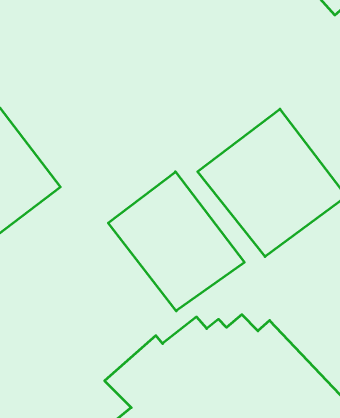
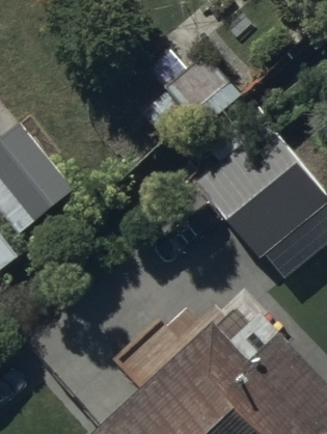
building: [108,172,244,311] -> none

